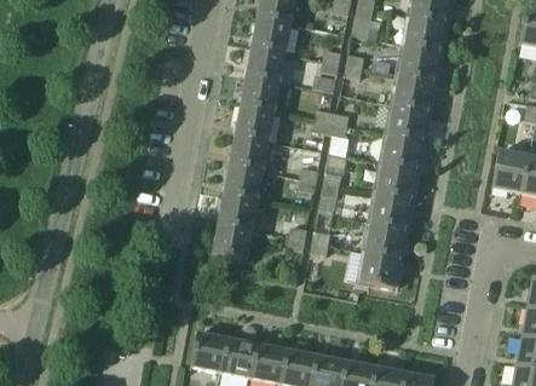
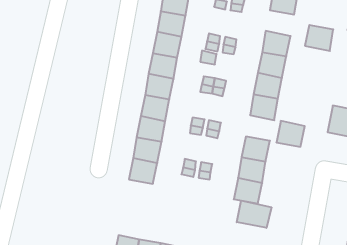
building: [404,16,444,52] -> [305,25,333,51]
building: [376,163,416,200] -> [276,121,305,147]
building: none -> [237,201,271,228]

